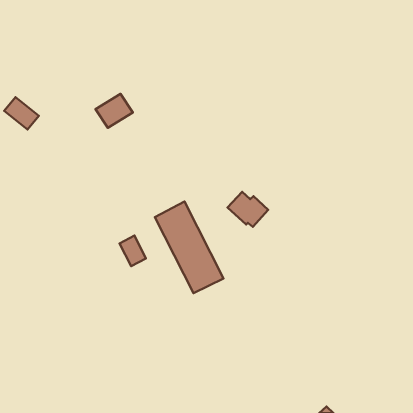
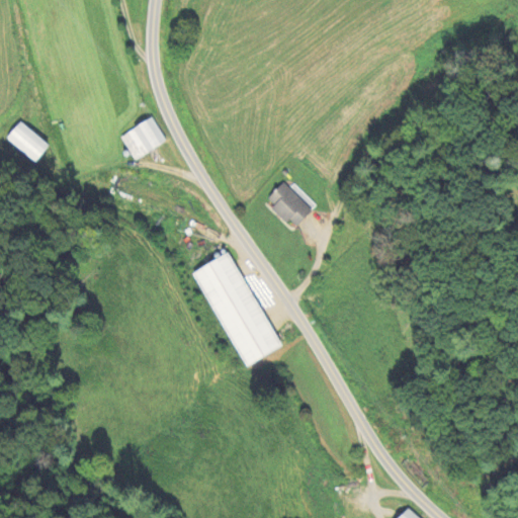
building: [228,192,268,227] -> [264,182,315,226]
building: [120,236,146,266] -> none

